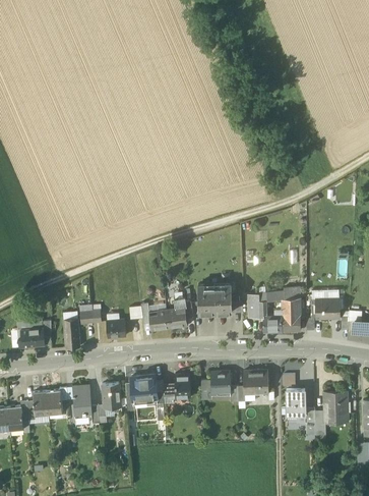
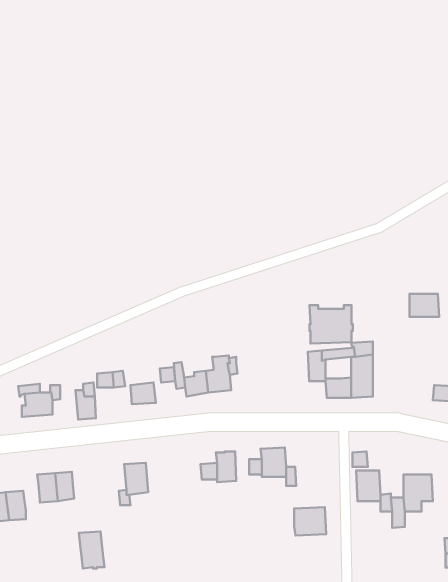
building: [197,284,232,315] -> [309,305,353,343]
building: [316,299,340,318] -> [410,294,439,317]
building: [244,371,269,393] -> [294,507,326,535]
building: [131,375,158,401] -> none
building: [72,385,93,415] -> [79,531,104,568]

